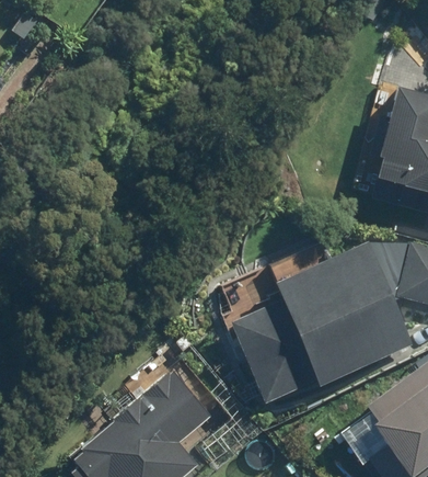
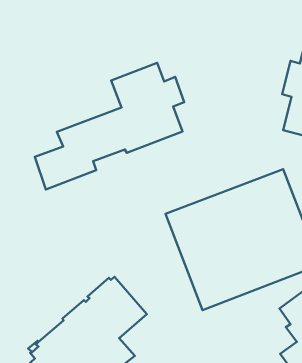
building: none -> [35,63,184,190]

